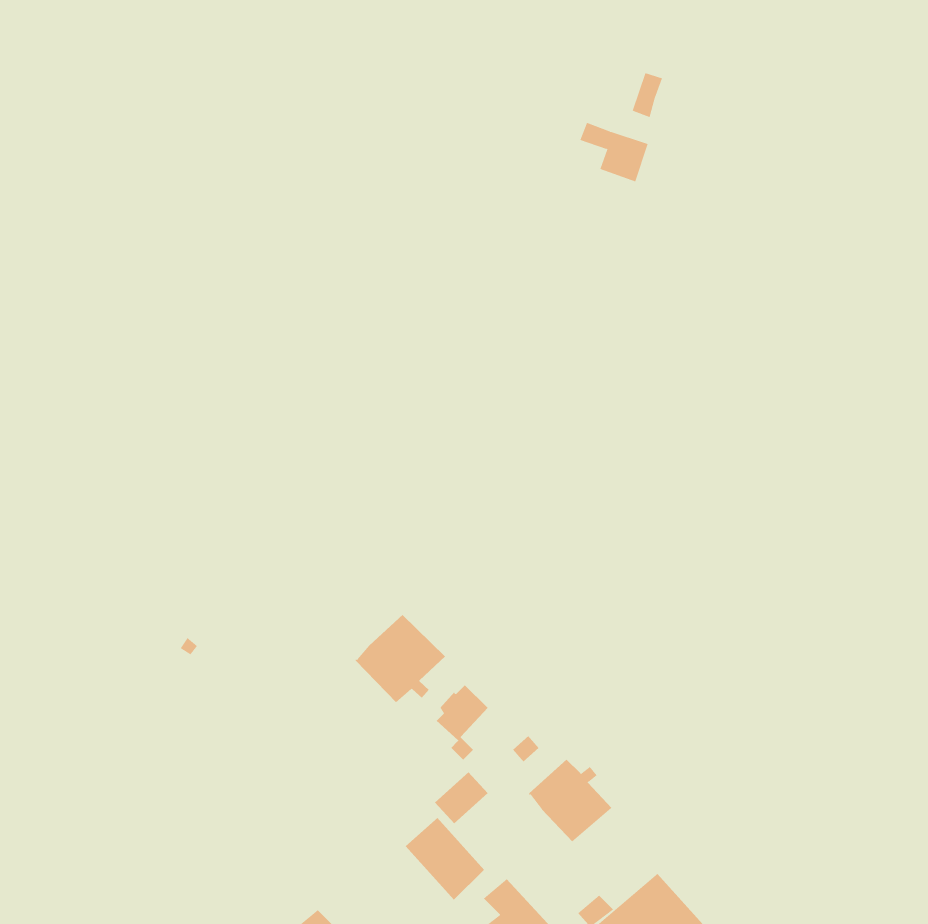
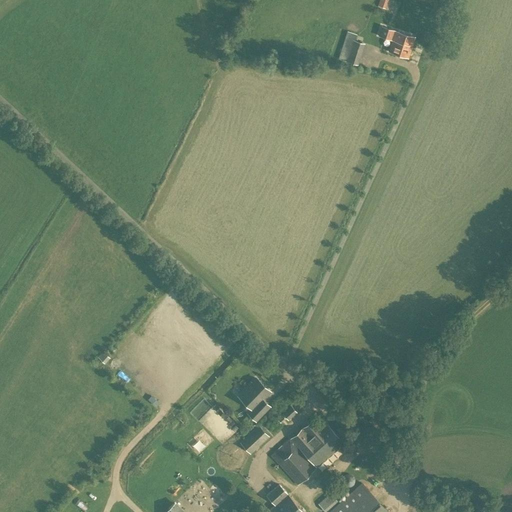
building: [579,122,648,182] -> [377,27,415,60]
building: [355,614,446,703] -> none
building: [405,817,485,901] -> [271,441,315,487]

